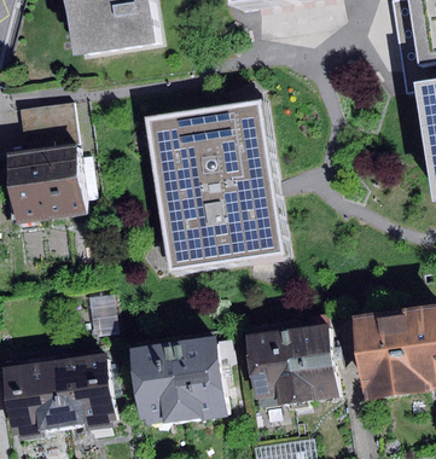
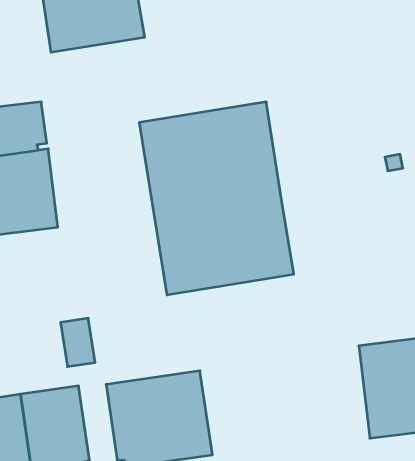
building: [245,326,335,406] -> none

